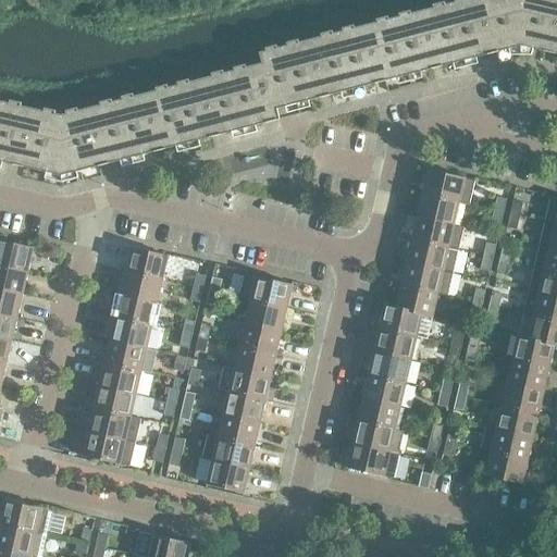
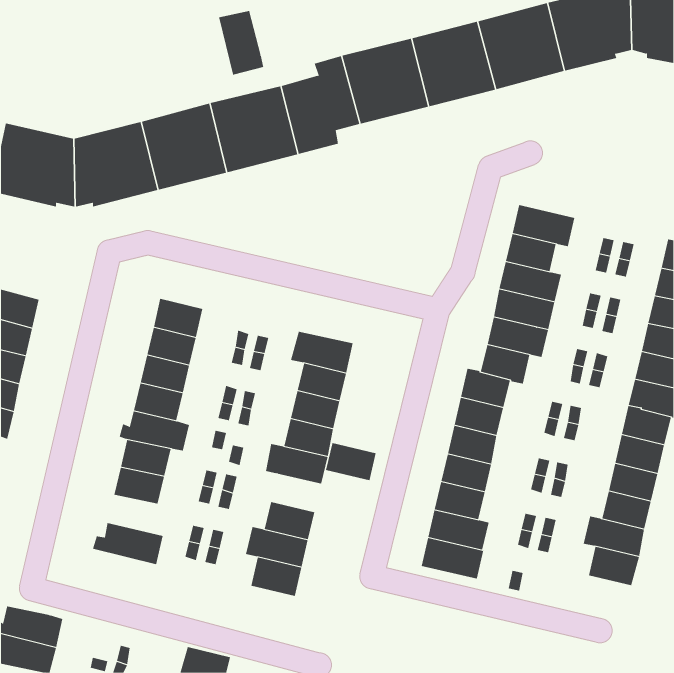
building: none -> [218,10,264,75]
building: [223,391,265,422] -> [325,443,377,481]
building: [85,406,140,442] -> none

